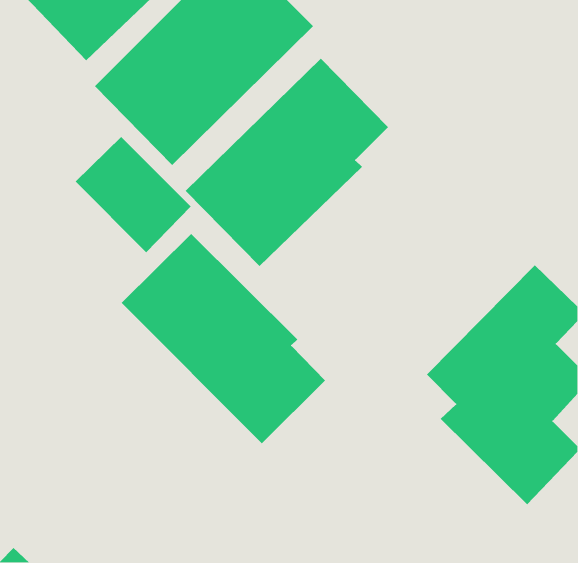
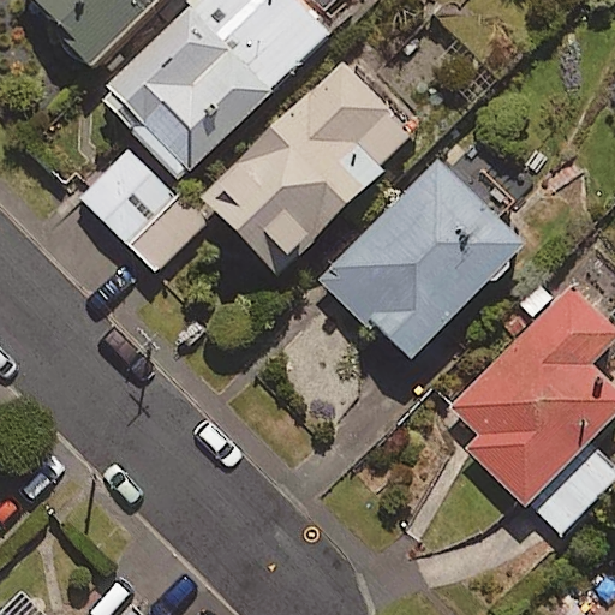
building: none -> [322,157,530,368]
building: [121,233,326,444] -> none

